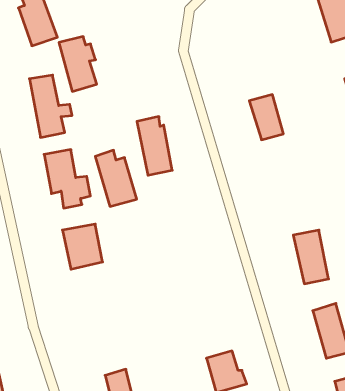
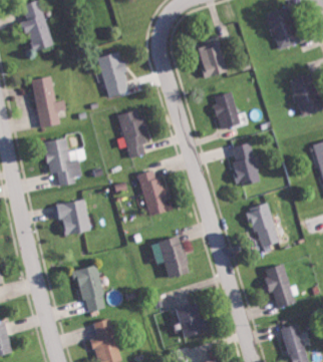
building: none -> [195,40,227,77]
building: [59,37,97,91] -> [97,52,128,97]
building: [95,150,137,206] -> [136,170,171,217]
building: none -> [230,142,258,187]
building: none -> [150,236,190,278]
building: none -> [71,266,102,312]

